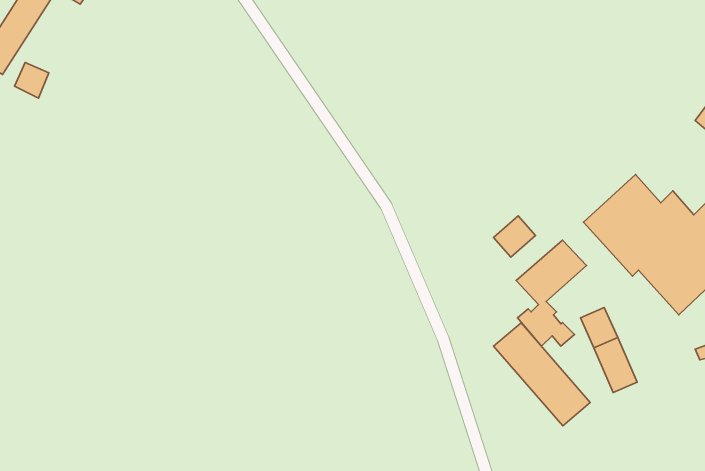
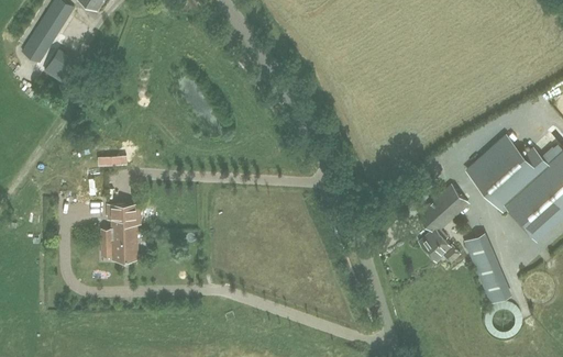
building: [493,216,536,257] -> none
building: none -> [101,204,141,260]
building: [494,323,590,426] -> none

